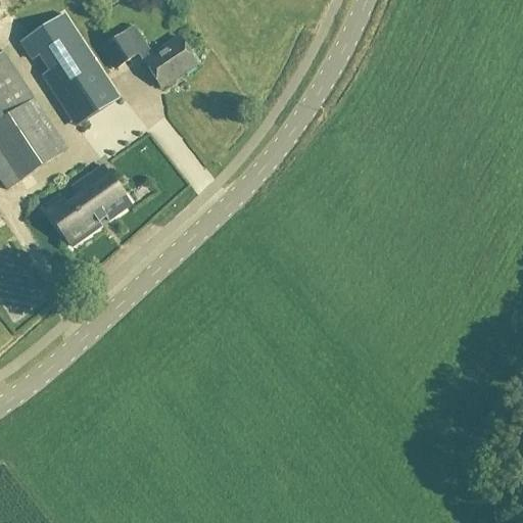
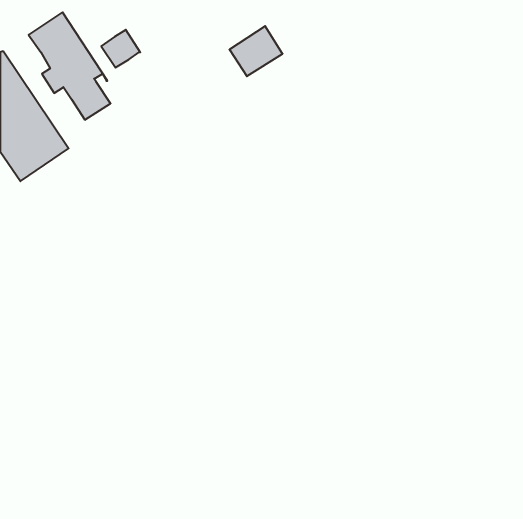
building: [144,36,197,86] -> [229,26,283,76]
building: [44,163,131,245] -> none

